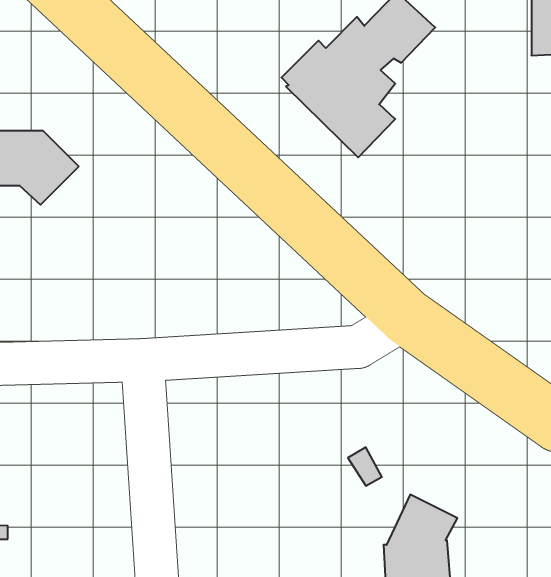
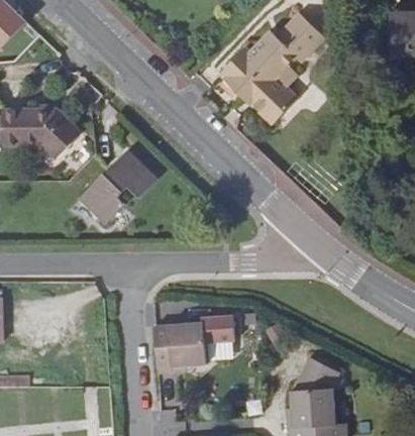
building: none -> [78,149,157,224]
building: none -> [153,316,235,373]

